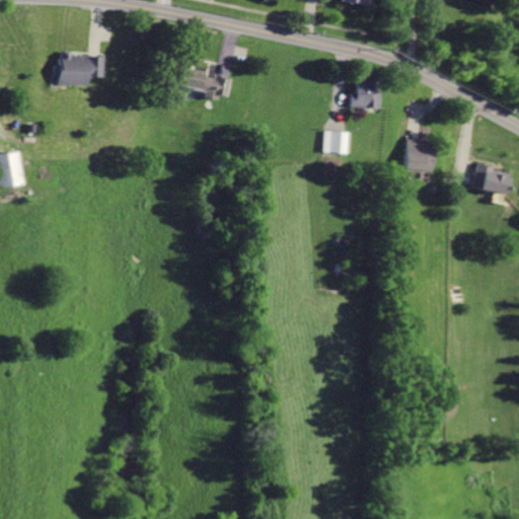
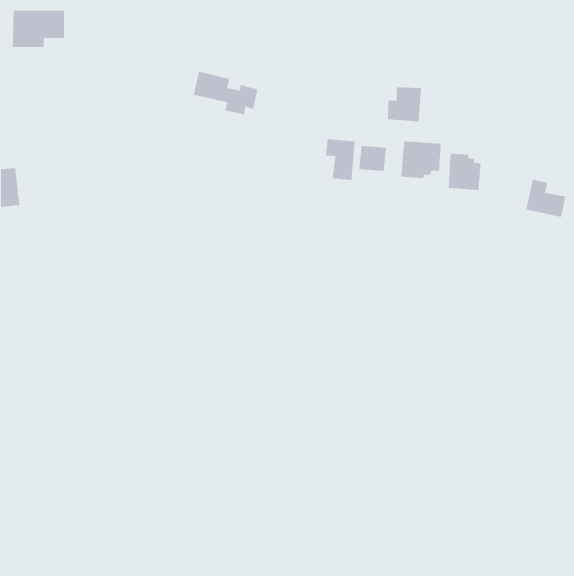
building: [59,53,106,86] -> [12,10,65,47]
building: none -> [326,138,355,181]
building: none -> [401,140,441,179]

